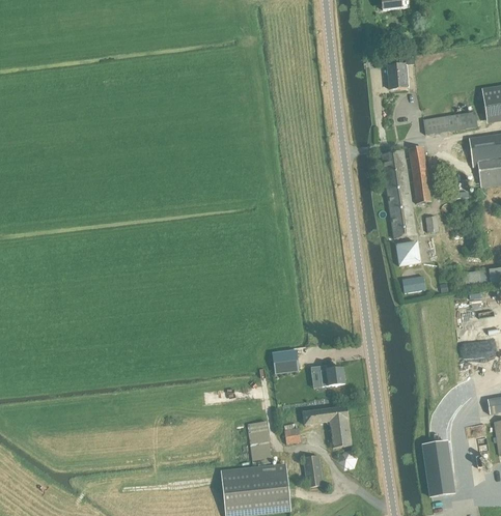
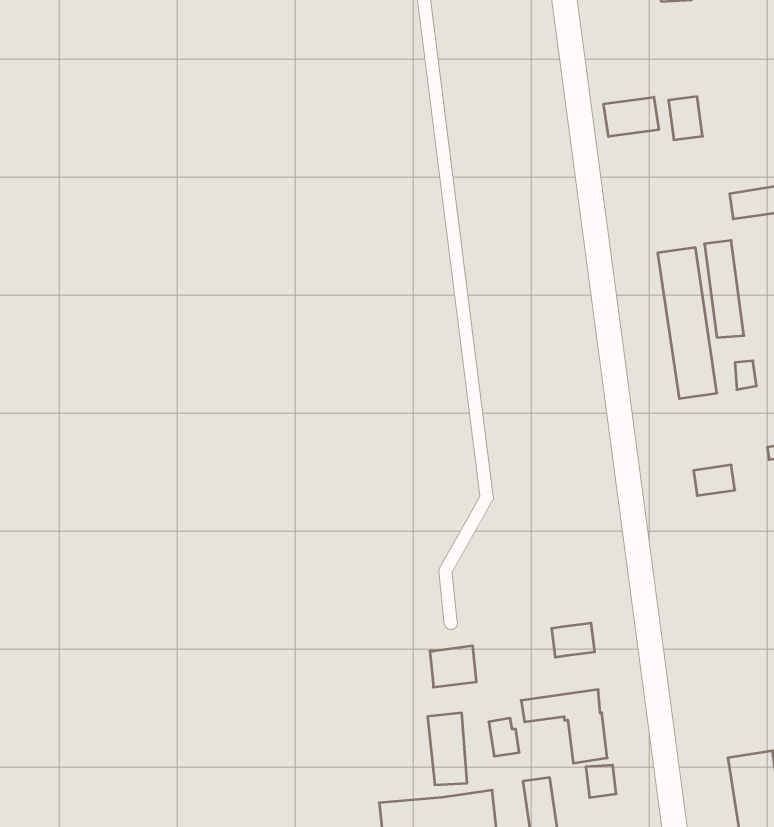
building: none -> [604,97,659,137]
building: [395,241,419,265] -> none
building: [272,349,299,373] -> [430,646,476,687]

